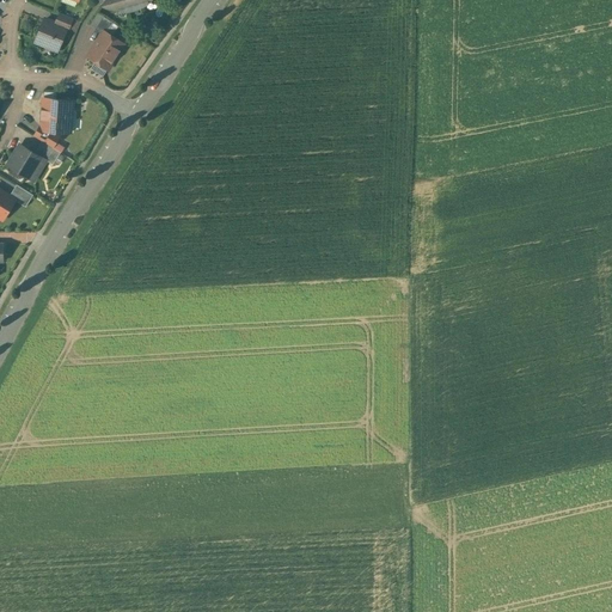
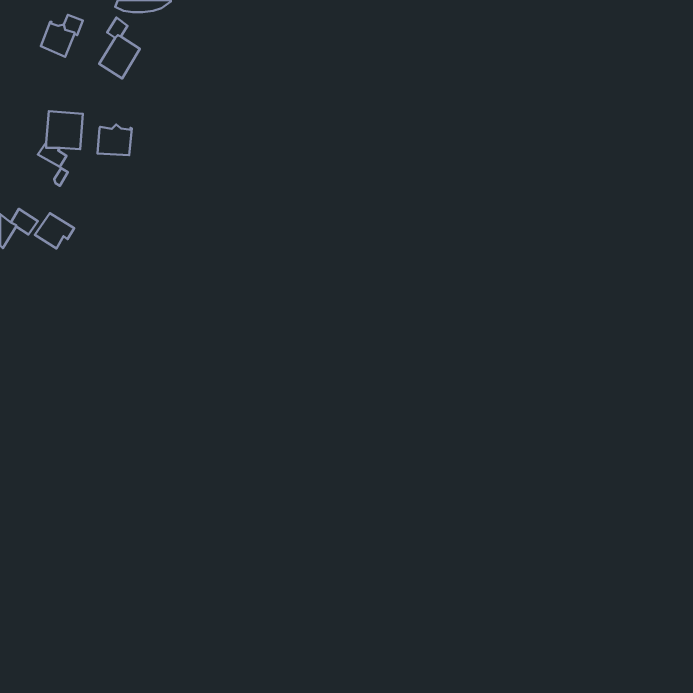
building: none -> [98,125,132,155]
building: [7,145,42,176] -> [35,213,74,249]

